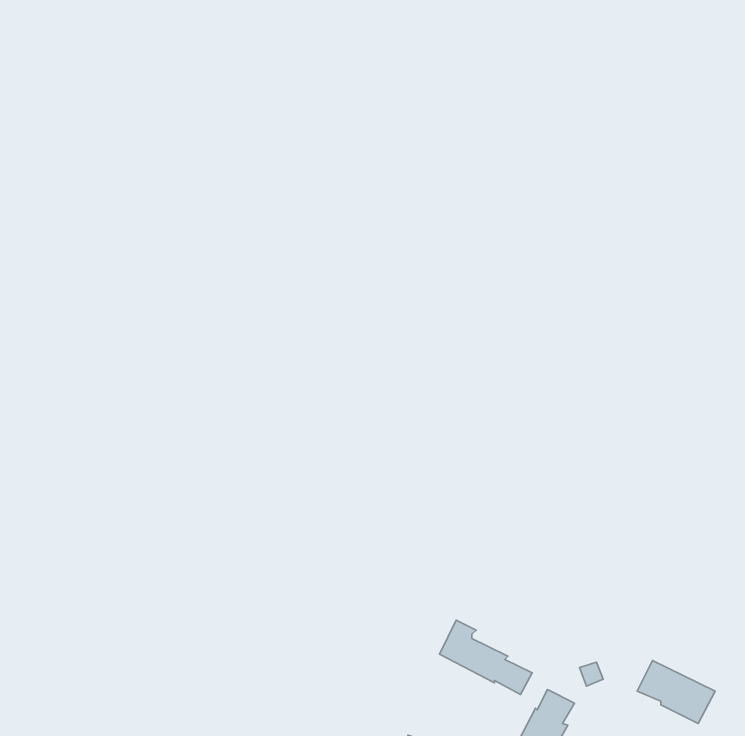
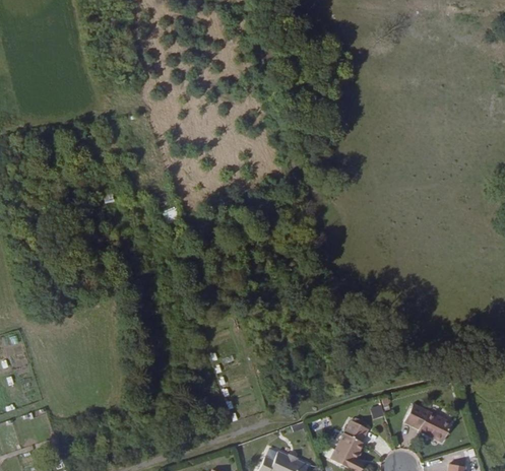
building: [440,620,532,694] -> none

